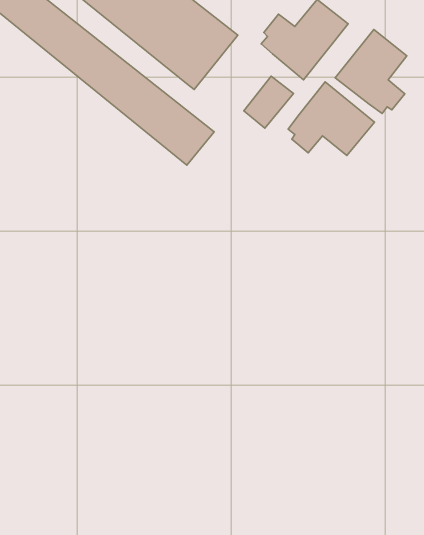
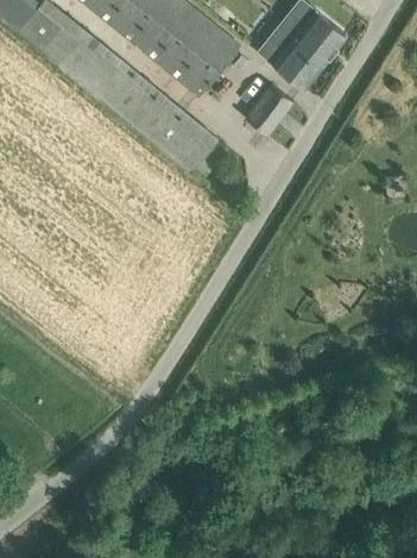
building: [335,29,407,113] -> none
building: [288,82,374,156] -> none

